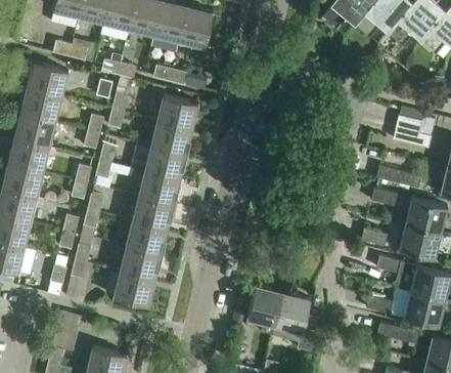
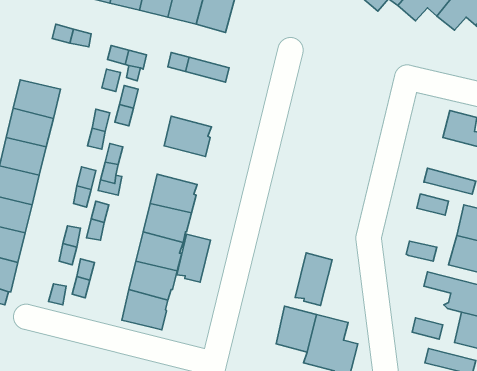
building: [26,61,66,96] -> none
building: [156,94,197,129] -> none
building: [144,146,186,179] -> none
building: none -> [177,234,210,282]
building: none -> [295,253,332,306]

